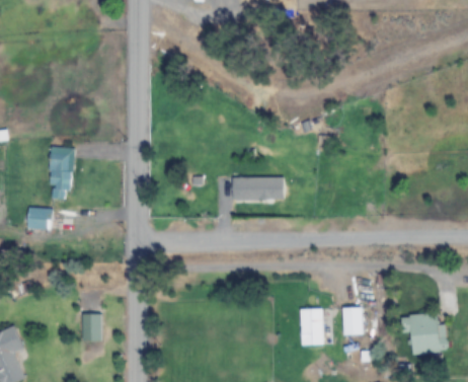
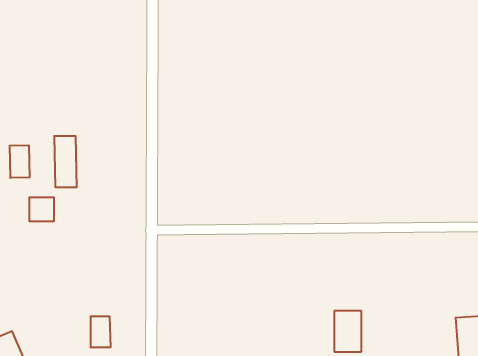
building: none -> [10,145,30,178]
building: [234,176,285,199] -> none
building: [343,307,363,335] -> none

